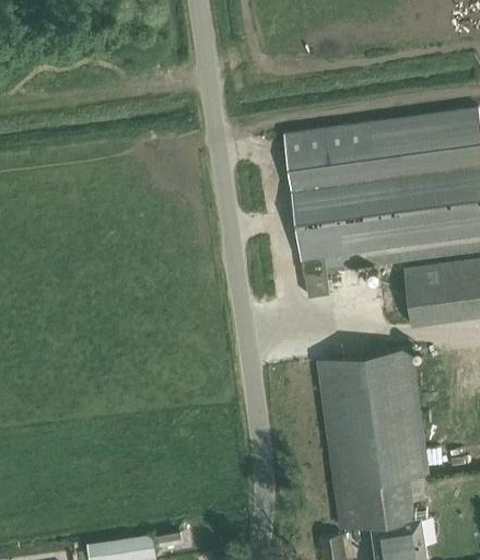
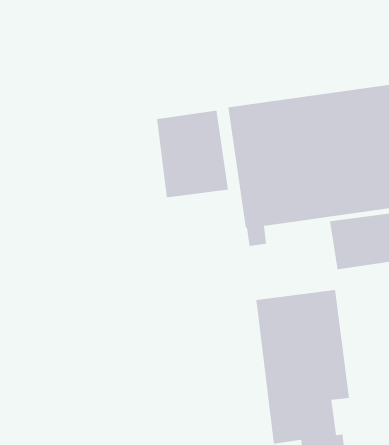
building: none -> [157,110,228,198]

